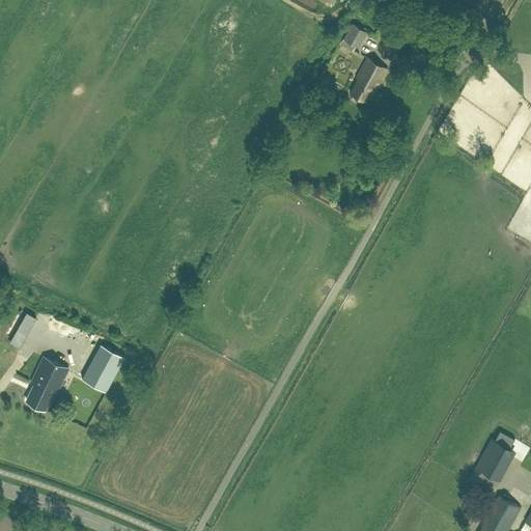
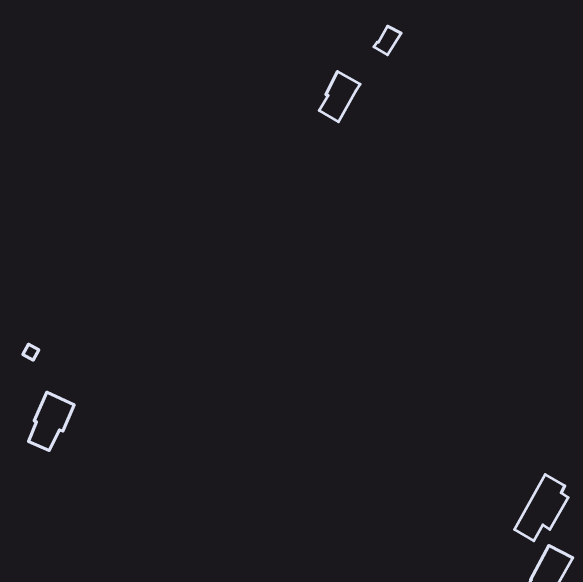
building: [350,59,387,105] -> [319,71,360,122]
building: [81,345,124,393] -> none

